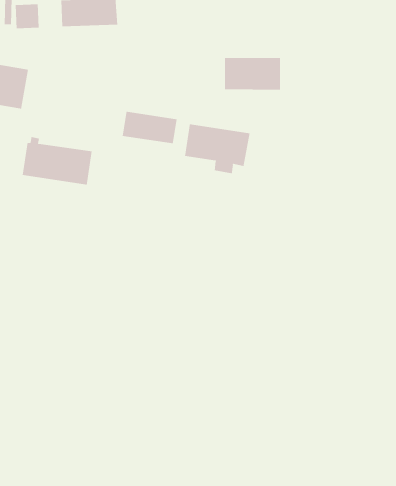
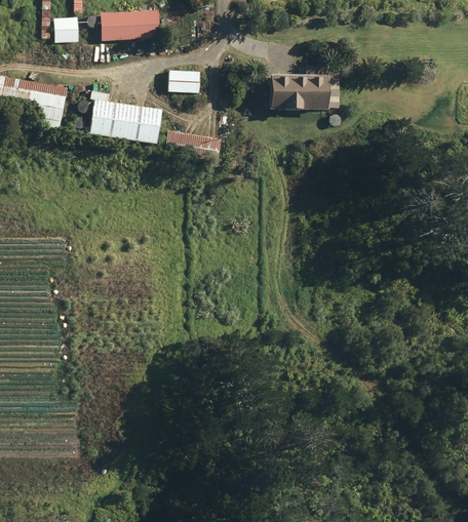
building: none -> [167,69,201,99]
building: [184,123,250,174] -> none
building: [22,136,92,185] -> [89,92,162,143]

